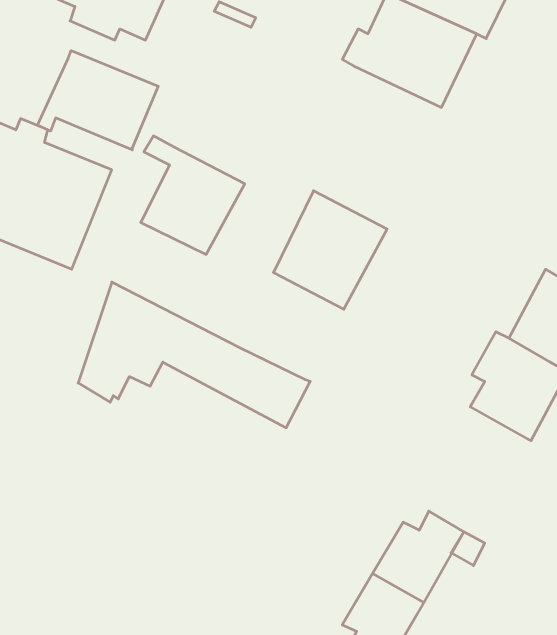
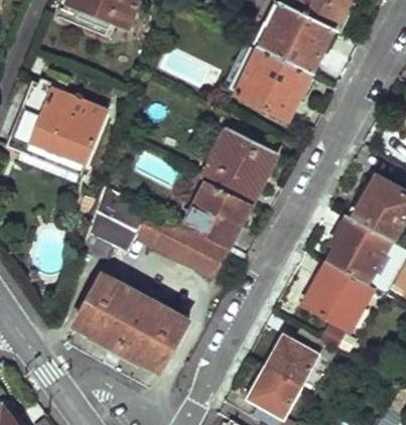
building: [37,51,158,150] -> none
building: none -> [233,48,310,121]
building: [141,136,245,254] -> [183,171,249,246]
building: none -> [305,263,375,331]
building: none -> [76,275,187,373]

